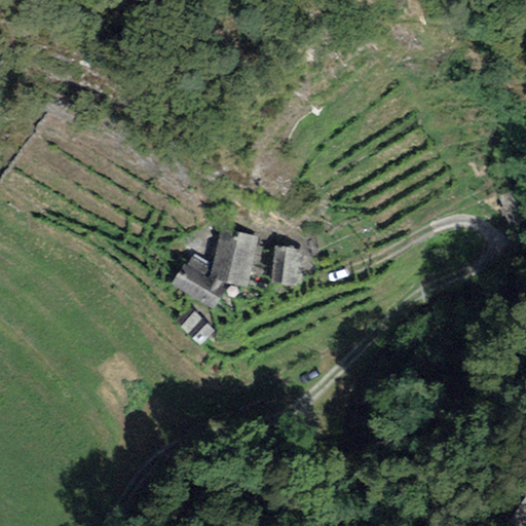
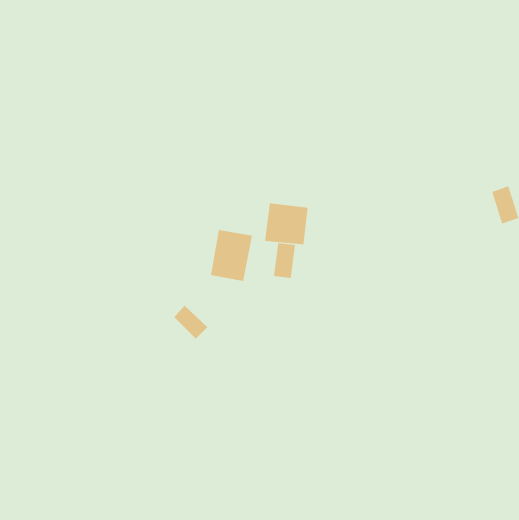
building: none -> [265,203,308,245]
building: [173,260,221,303] -> none

